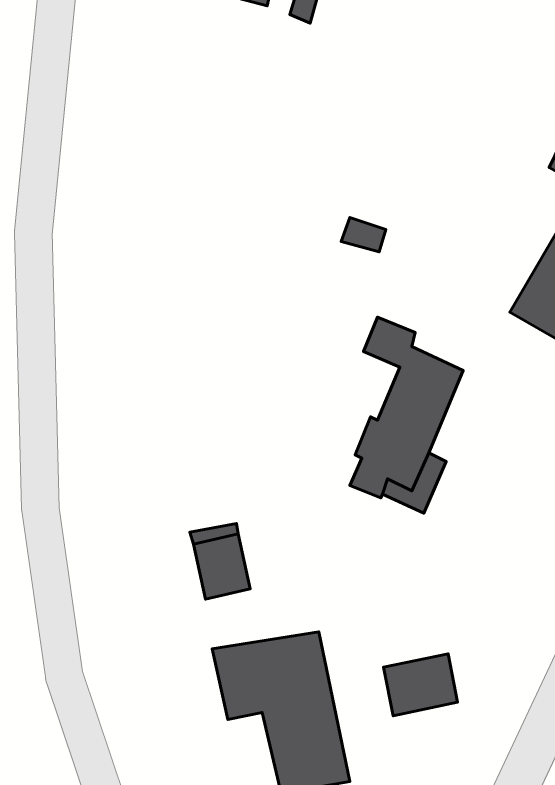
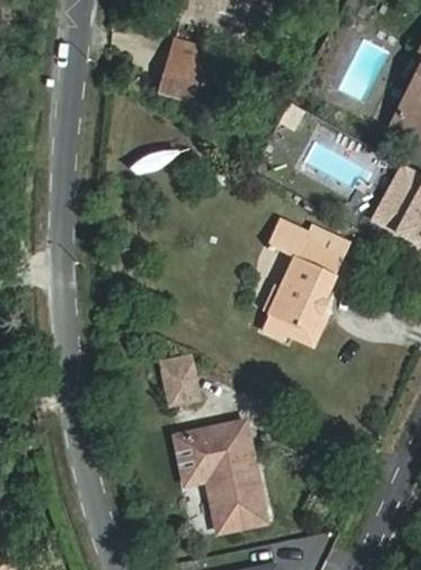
building: none -> [160,40,202,96]
building: [384,654,458,716] -> none

